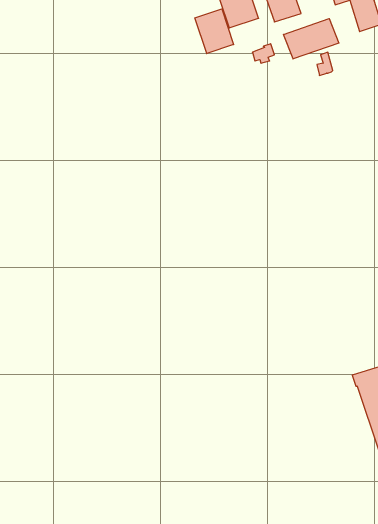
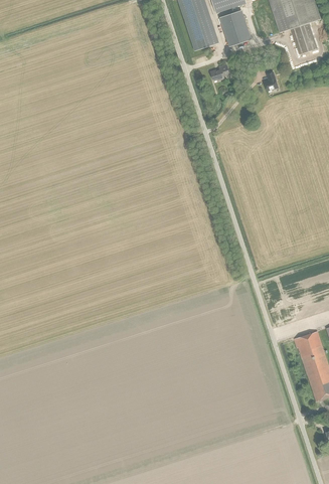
building: [195,9,234,54] -> none
building: [284,19,339,59] -> none

